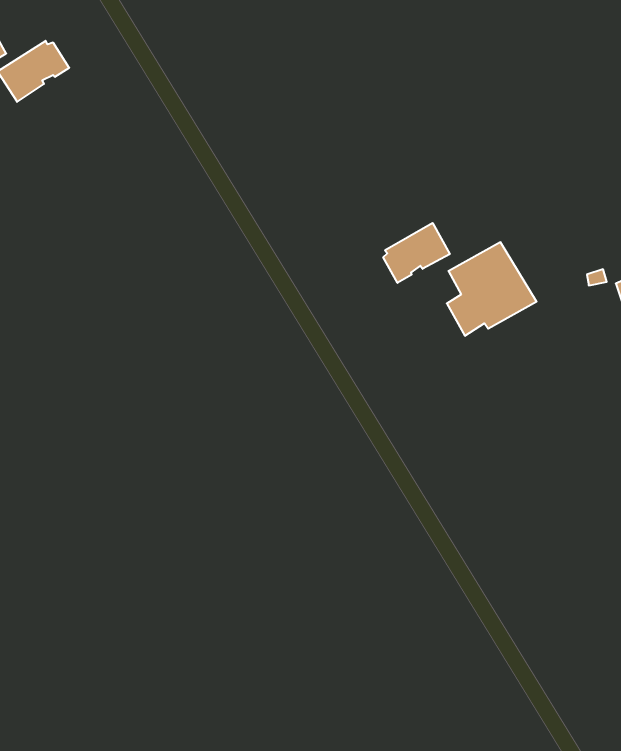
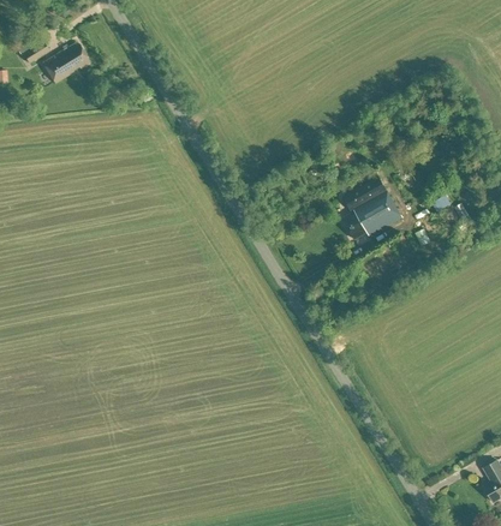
building: [383,223,450,283] -> none

